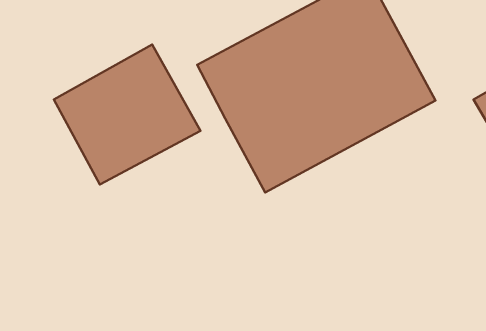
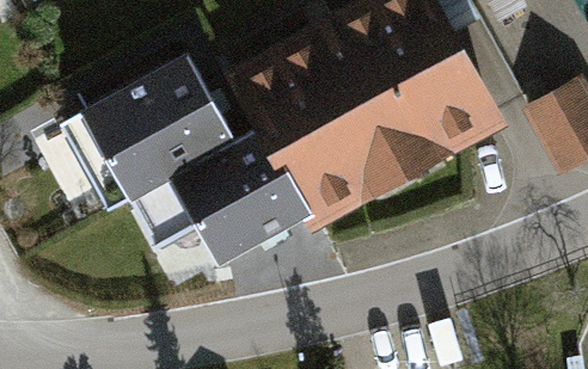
building: none -> [130,136,307,263]

